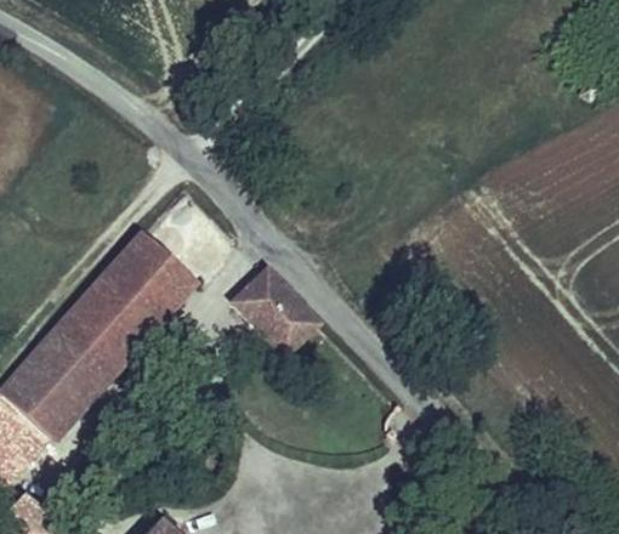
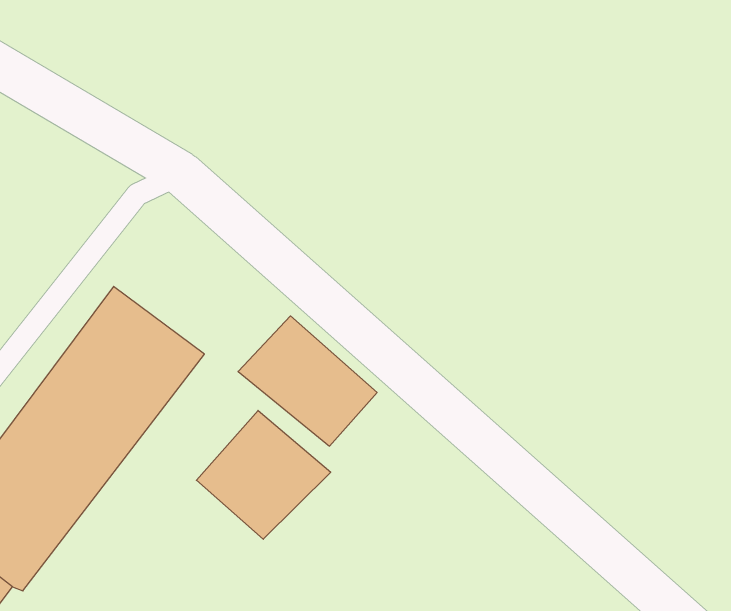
building: none -> [196,410,331,539]

